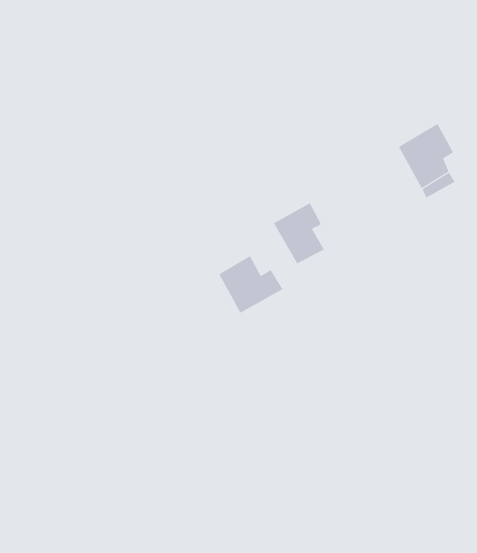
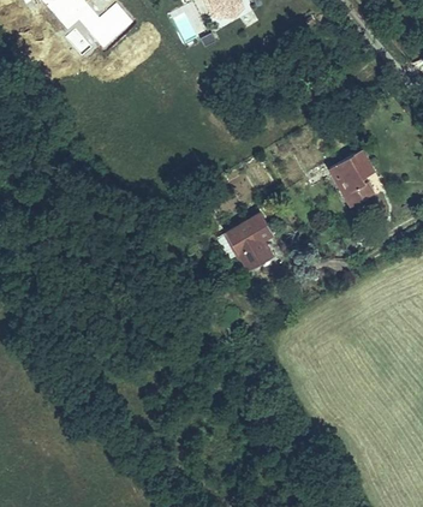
building: [218,255,283,314] -> none

